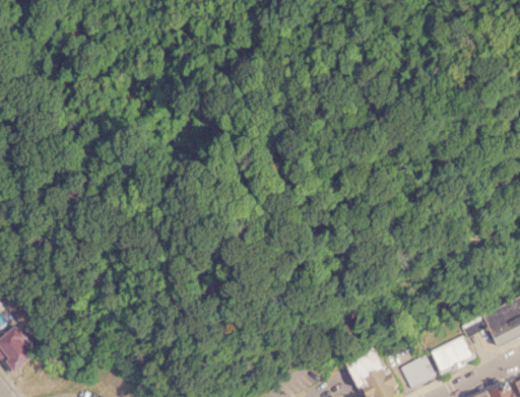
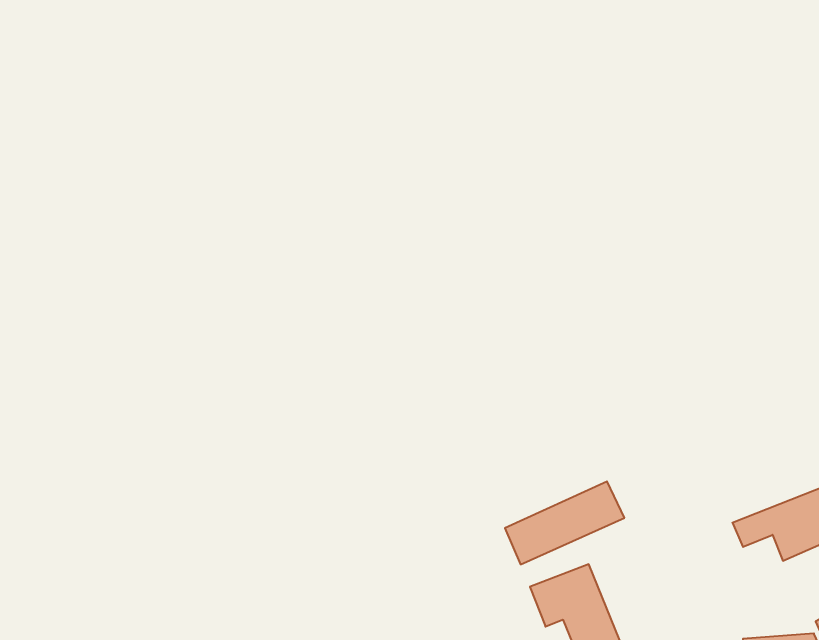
building: [403,338,473,387] -> [505,481,624,564]

